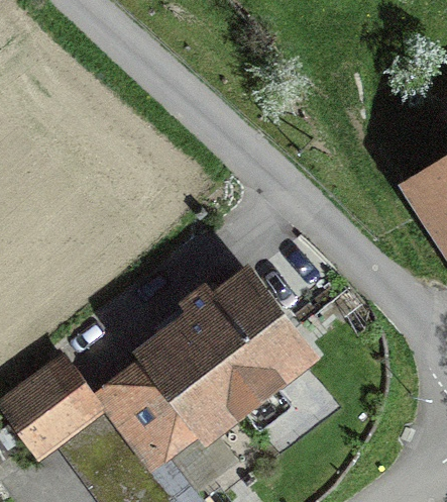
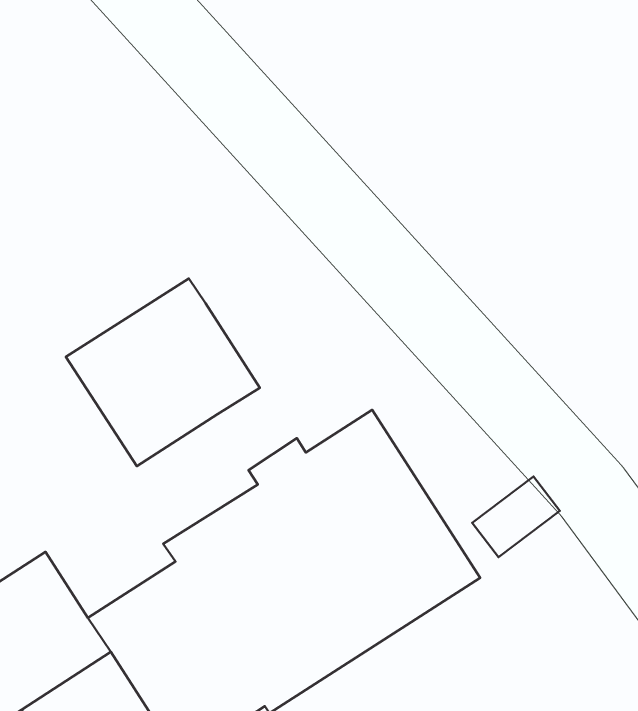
building: none -> [66,278,260,466]

